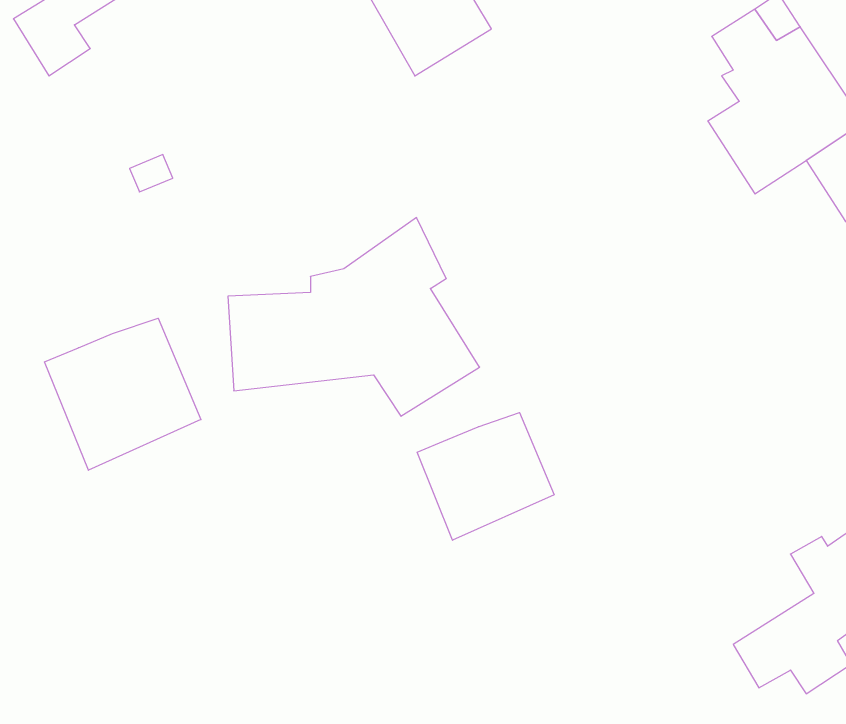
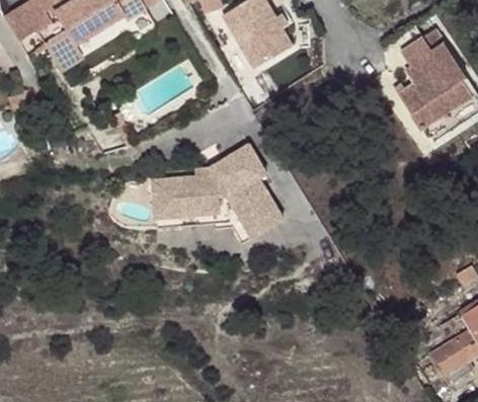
building: [44,318,201,470] -> none
building: [417,413,554,540] -> none

